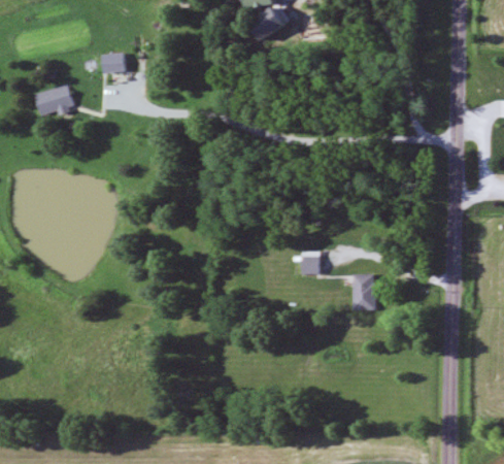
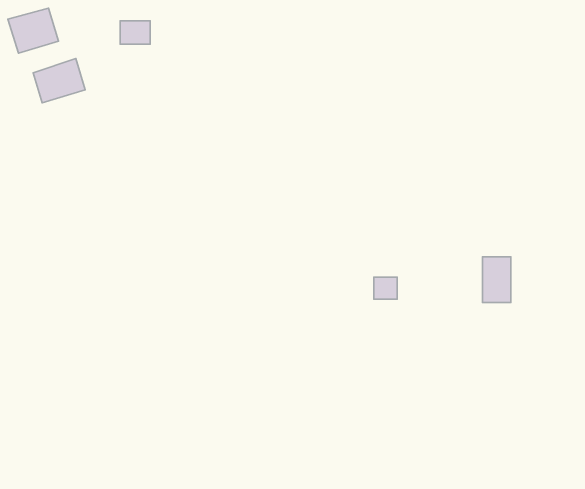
building: none -> [8,8,58,53]
building: [351,273,374,309] -> [482,257,511,302]

